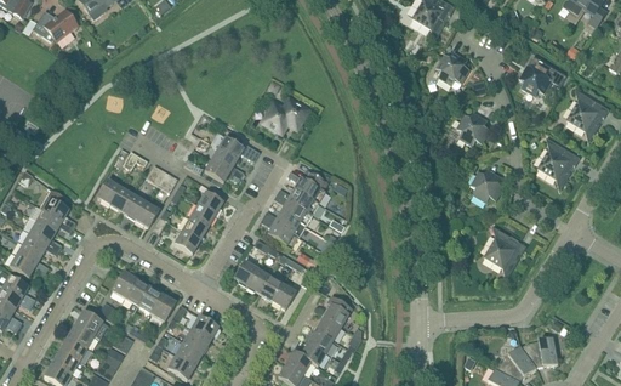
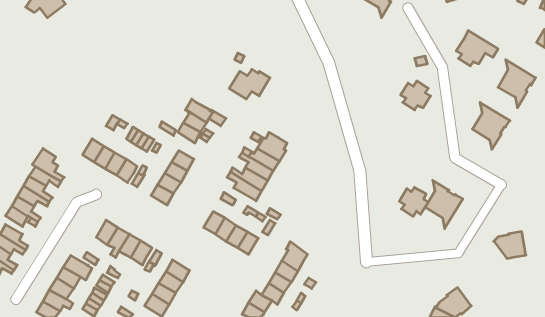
building: [437,52,469,85] -> none
building: [471,170,503,203] -> [399,187,428,216]
building: [522,337,558,368] -> [494,232,526,258]

